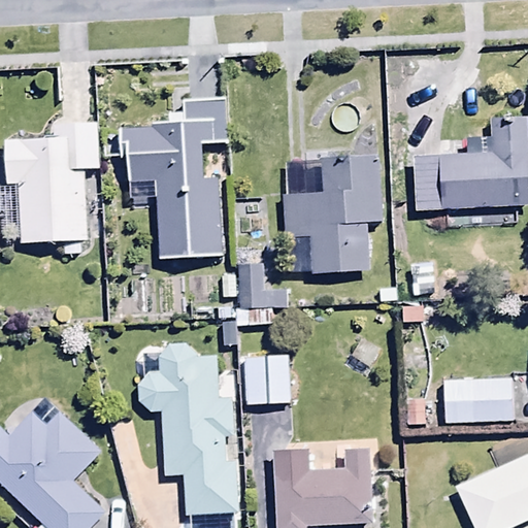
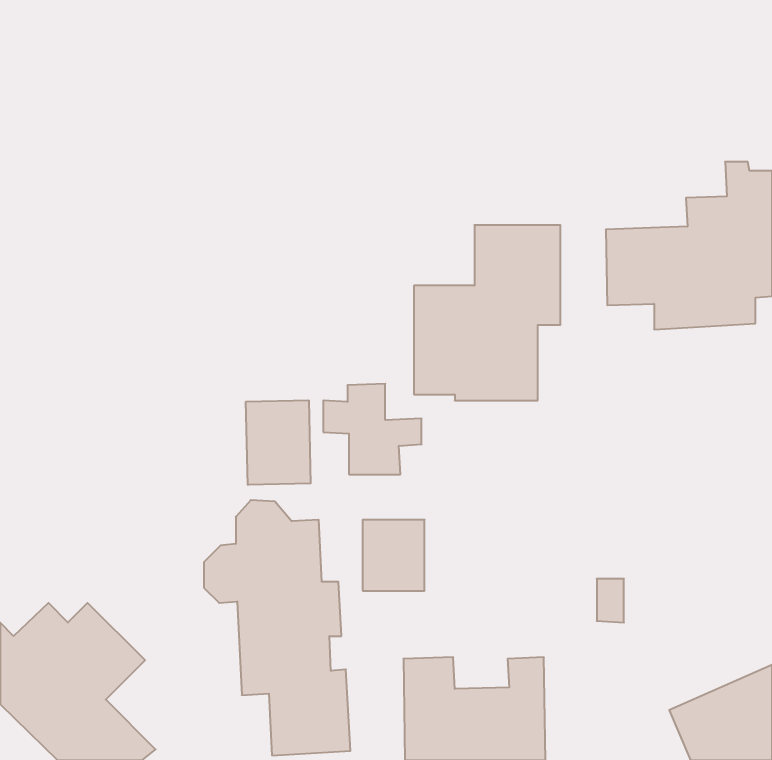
building: [126,97,231,260] -> none
building: [6,122,100,243] -> none
building: none -> [246,400,311,485]
building: [444,376,515,421] -> none

